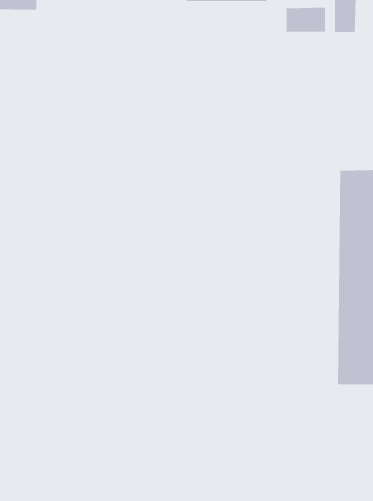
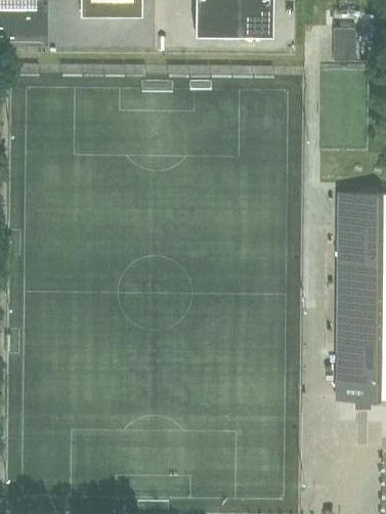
building: [286,7,326,33] -> none

